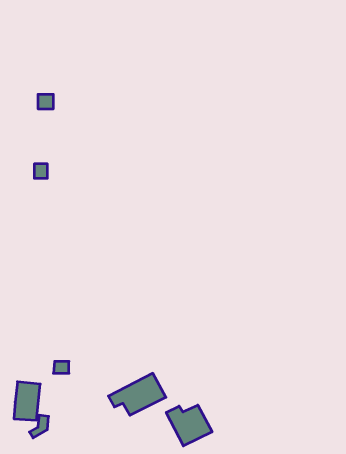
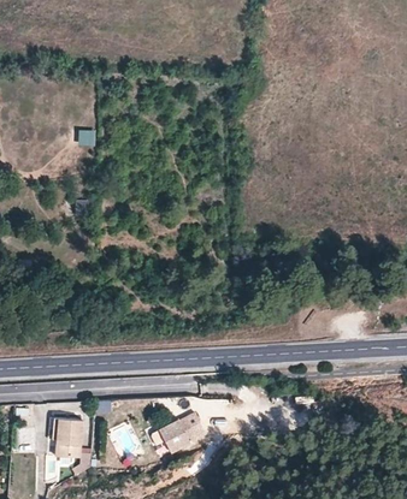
building: [166,405,212,446] -> none

